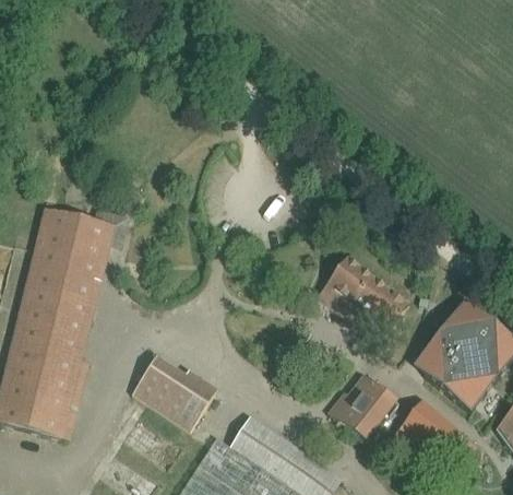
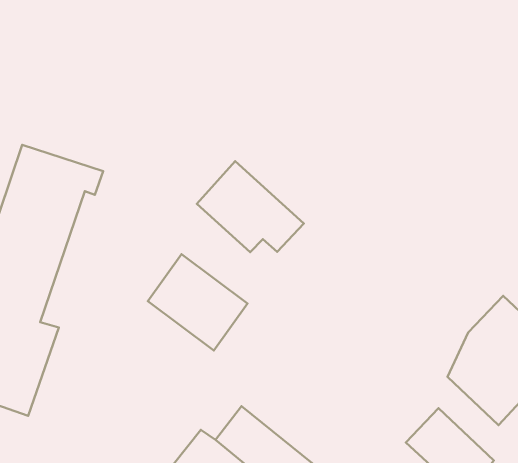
building: [317,256,409,332] -> [197,161,304,252]
building: [140,356,225,436] -> [148,254,248,351]
building: [324,377,405,445] -> none

